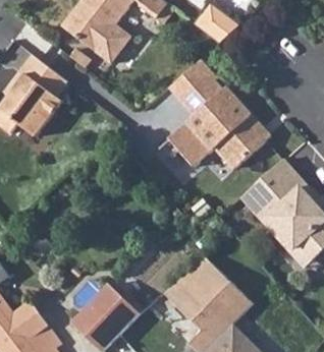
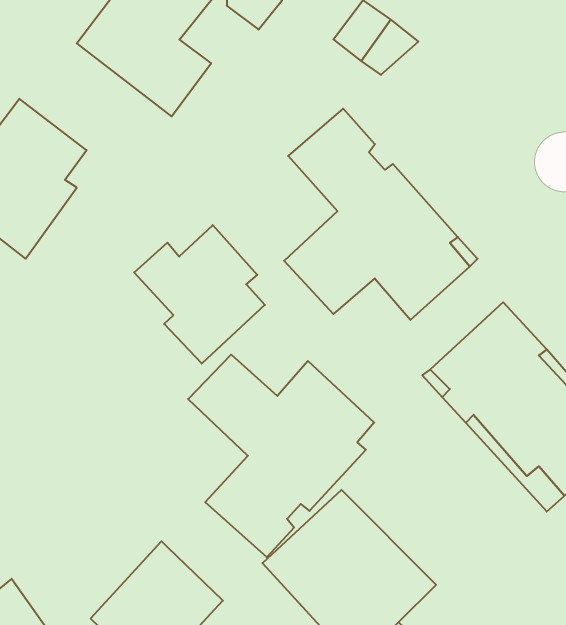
building: none -> [134,225,265,364]
building: none -> [188,355,374,557]

